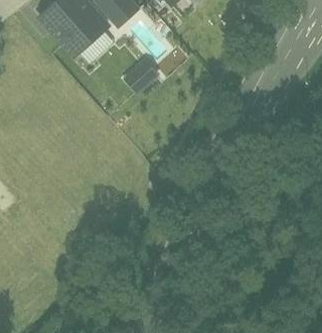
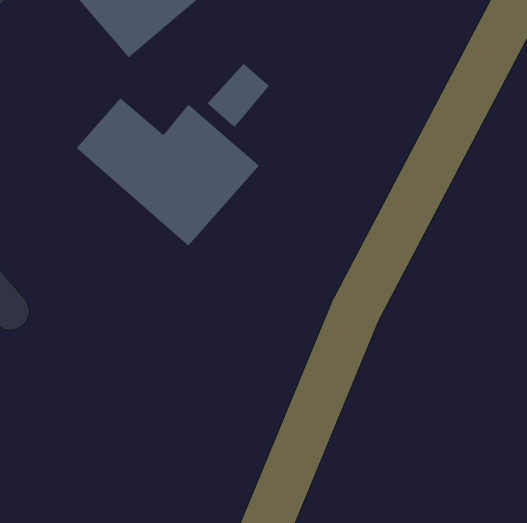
building: none -> [76,97,260,247]

